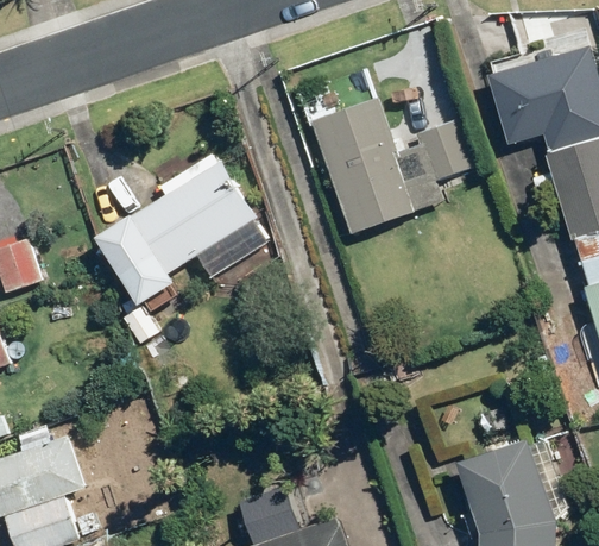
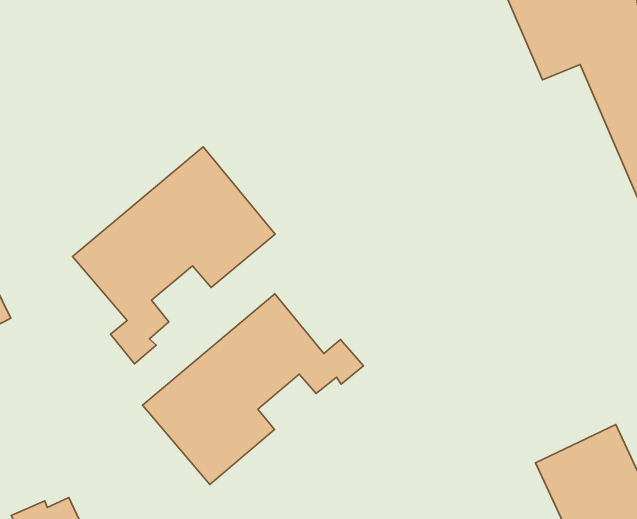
building: [310,80,483,234] -> none
building: none -> [142,294,364,484]

